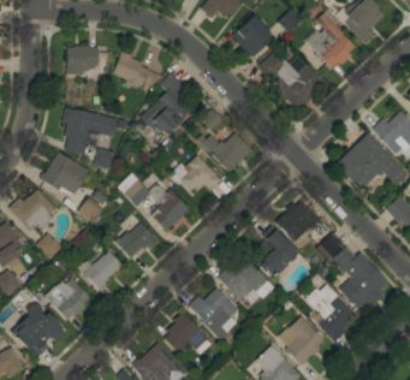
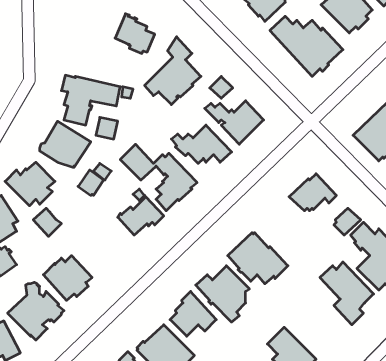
building: [66,46,99,75] -> none
building: [254,225,301,279] -> none
building: [78,251,121,291] -> none
building: [278,316,323,366] -> none

